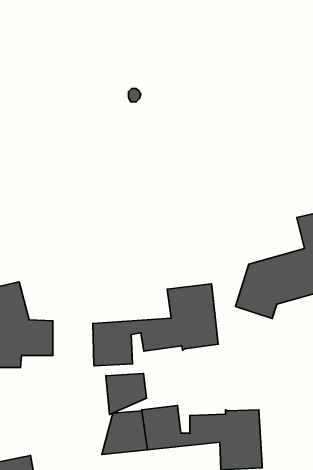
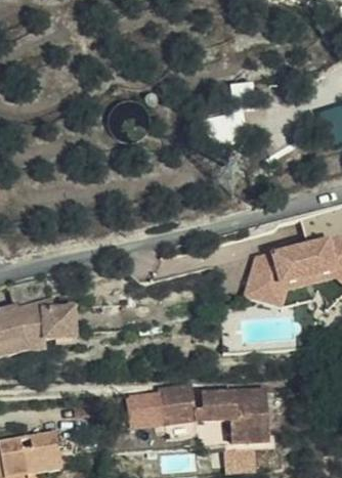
building: [93,284,218,366] -> none
building: [106,374,147,415] -> none

